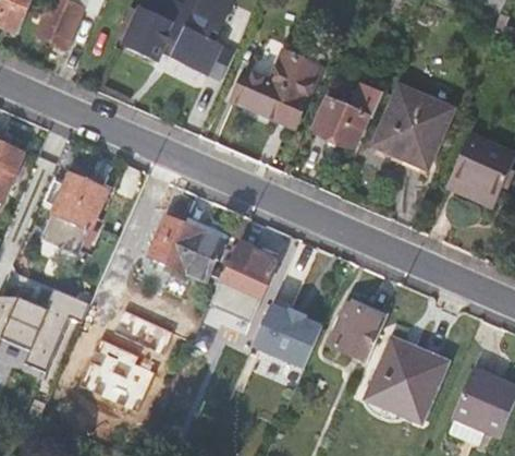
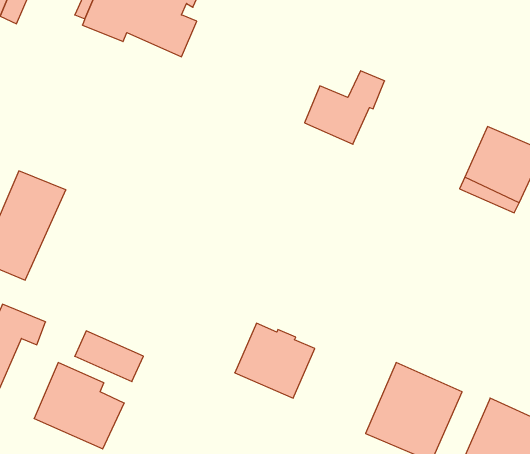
building: [233,47,321,127] -> none
building: [376,87,450,165] -> none
building: [148,215,221,279] -> none
building: [210,240,279,325] -> none
building: [328,303,383,361] -> none

